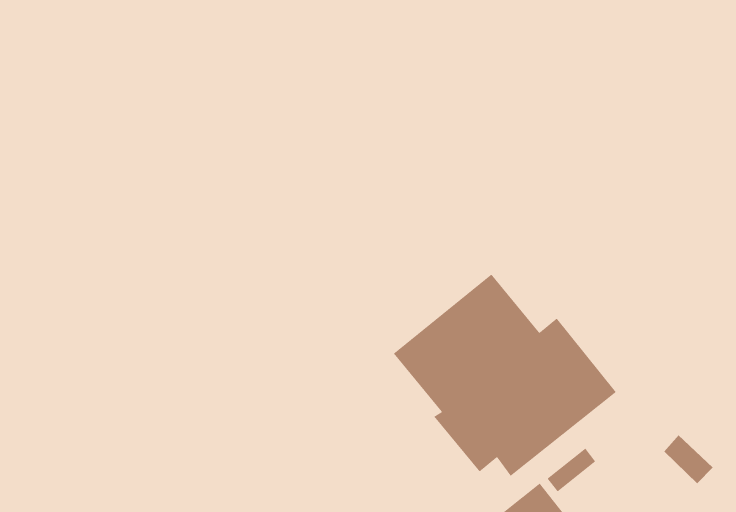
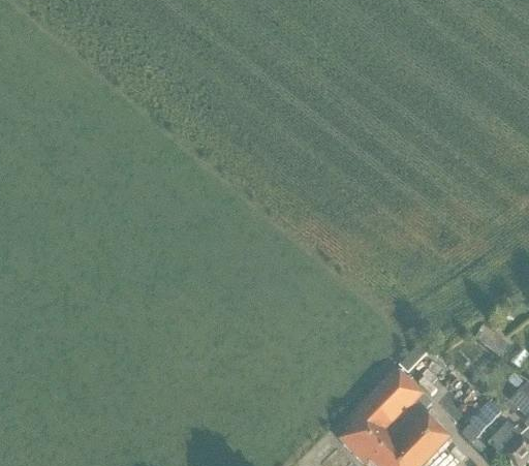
building: [393,274,617,477] -> none

